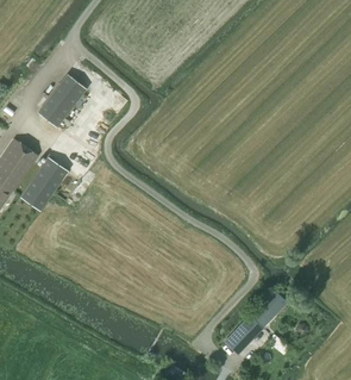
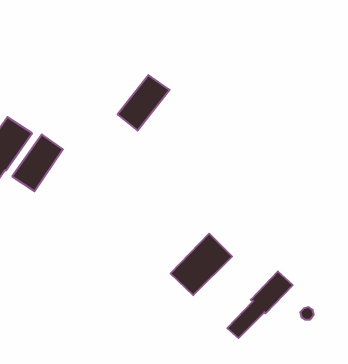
building: [37,74,87,127] -> [118,75,170,131]
building: none -> [171,234,232,295]

